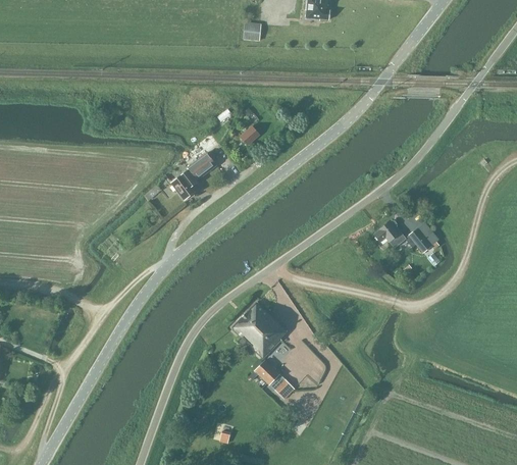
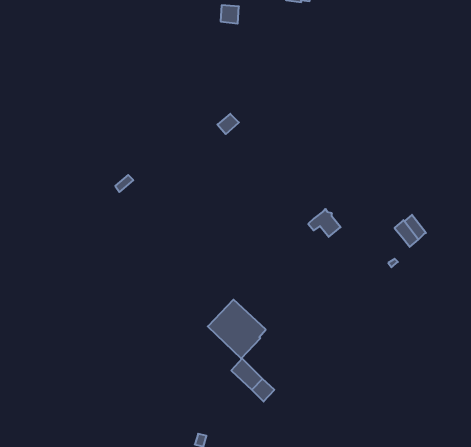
building: [172,151,217,199] -> none
building: [374,219,405,246] -> [308,209,341,237]

